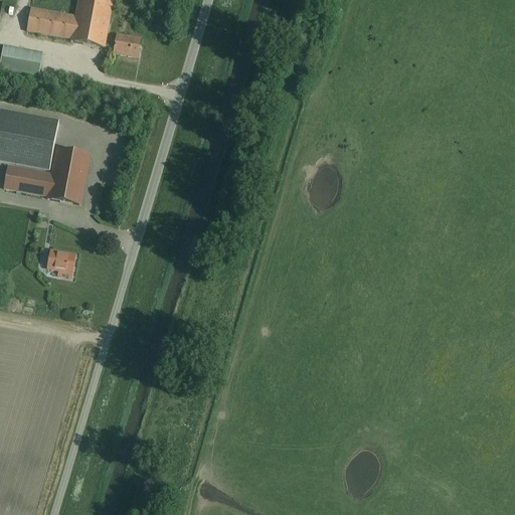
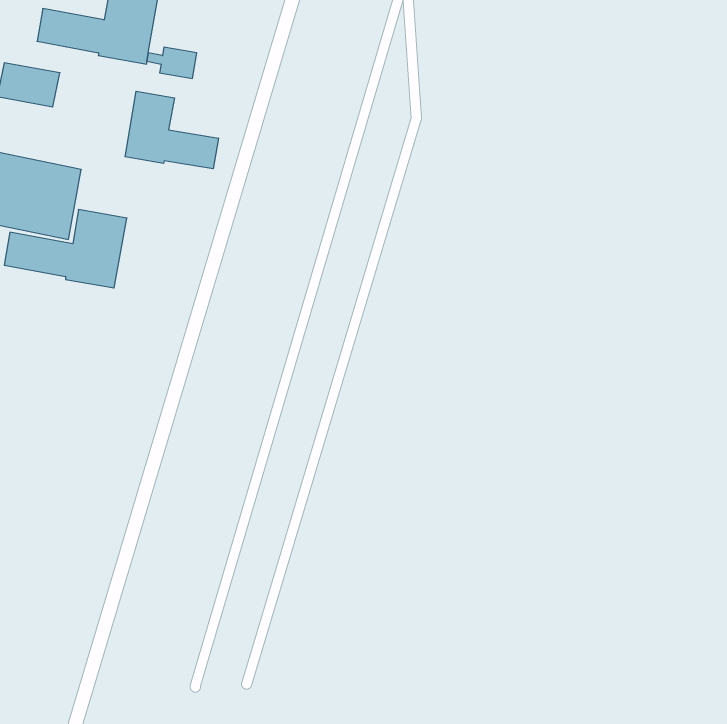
building: none -> [125,91,218,169]
building: [46,248,74,272] -> none

